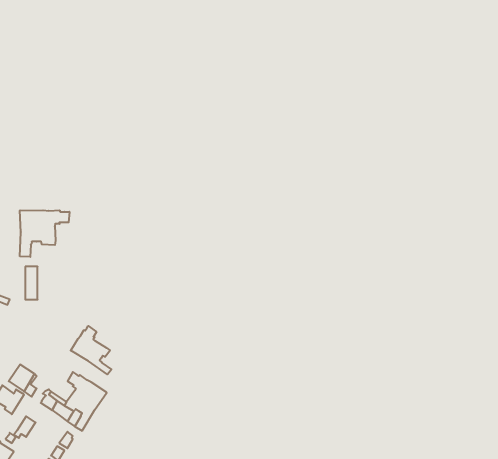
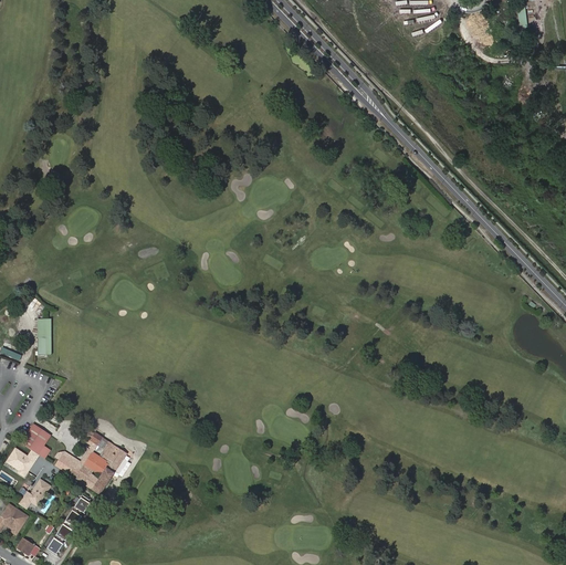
building: [20,210,69,257] -> none
building: [71,326,111,374] -> none

